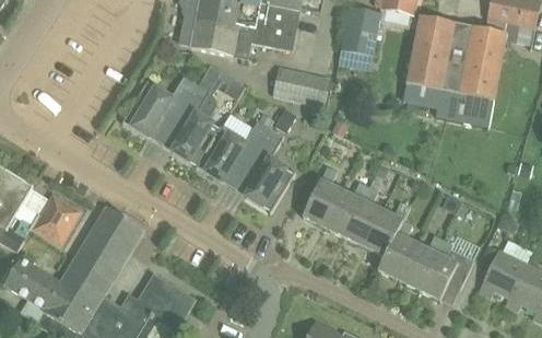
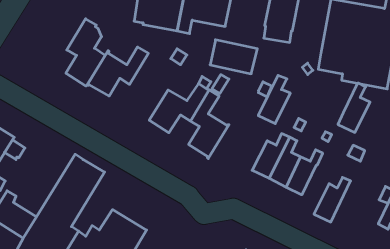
building: [173,82,221,164] -> [66,19,105,86]
building: [303,166,342,225] -> [258,75,290,124]
building: [30,197,78,243] -> none
building: [378,219,417,279] -> [338,83,370,132]
building: [420,238,472,304] -> none

